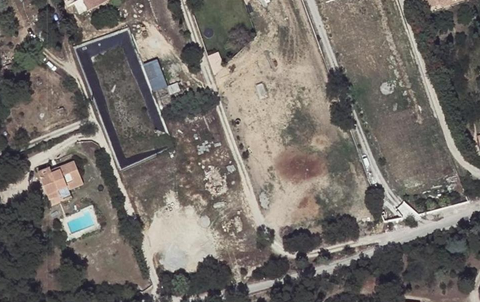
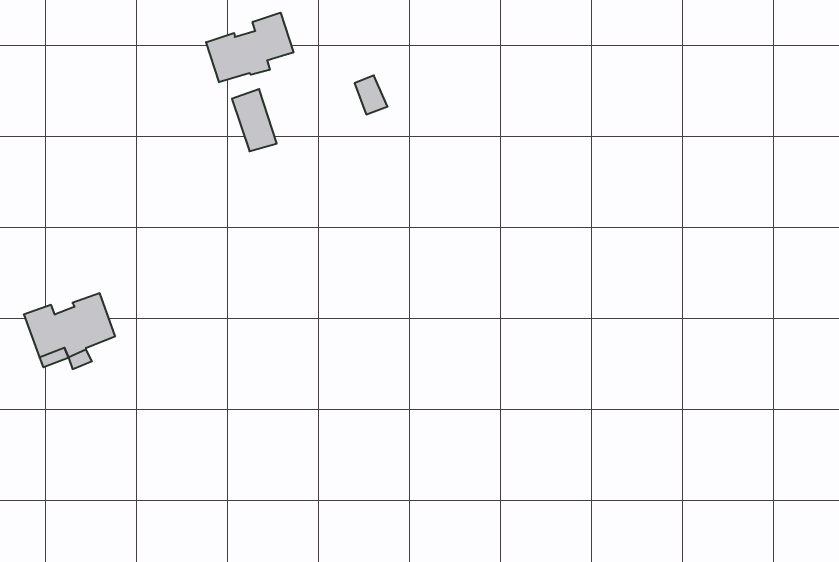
building: none -> [206,13,293,82]

